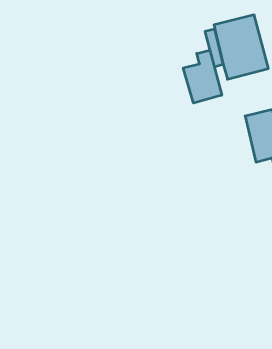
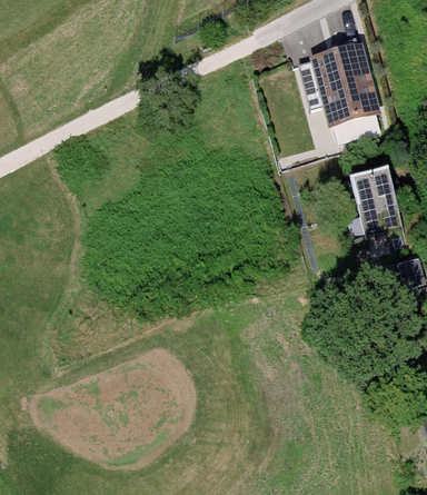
building: [183,50,222,103] -> none

